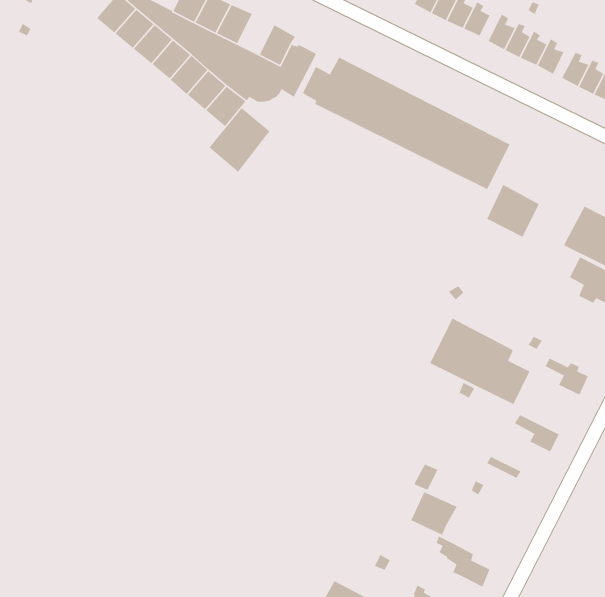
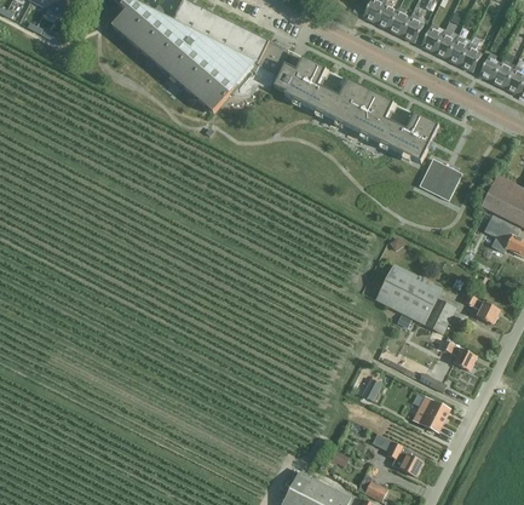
building: none -> [223,23,252,56]
building: [208,107,271,173] -> none
building: [410,491,458,536] -> [413,396,450,431]

